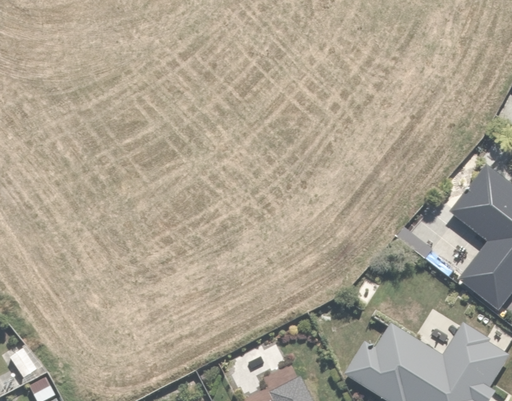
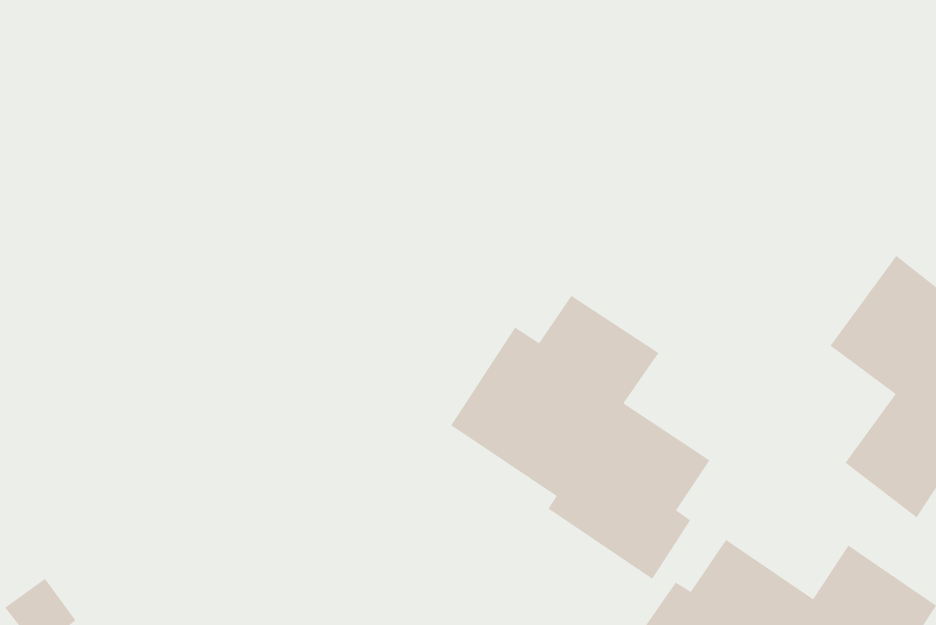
building: none -> [450,295,710,580]

